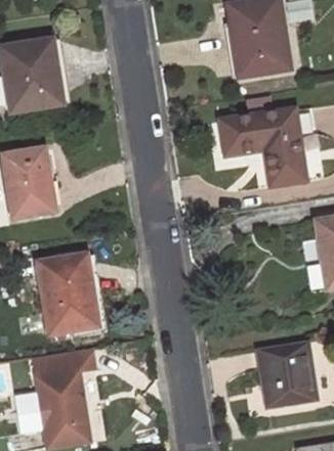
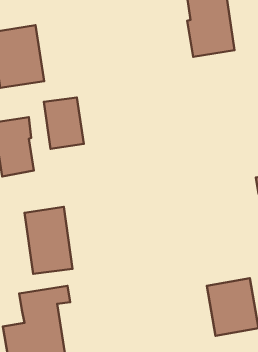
building: [221,107,306,184] -> none
building: none -> [44,97,84,149]

